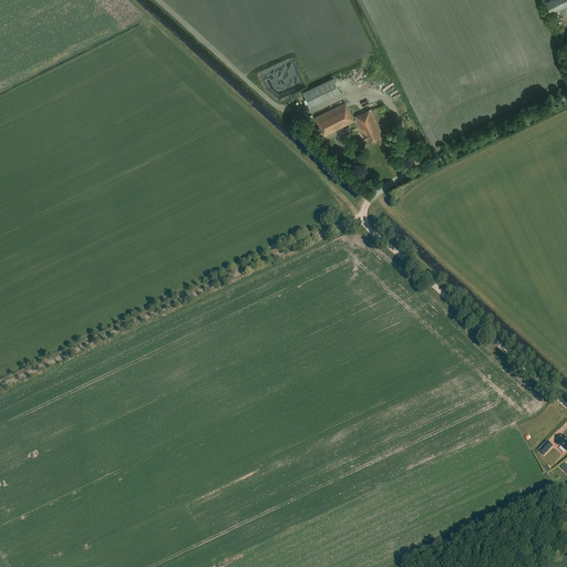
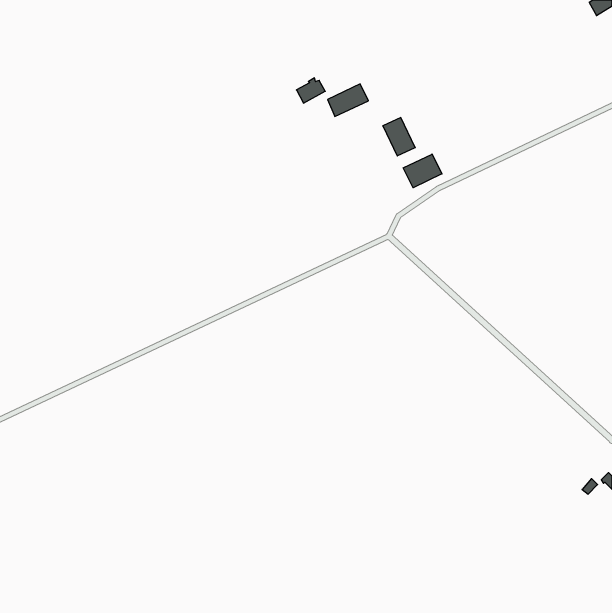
building: [315,103,353,136] -> none
building: none -> [403,154,442,188]

